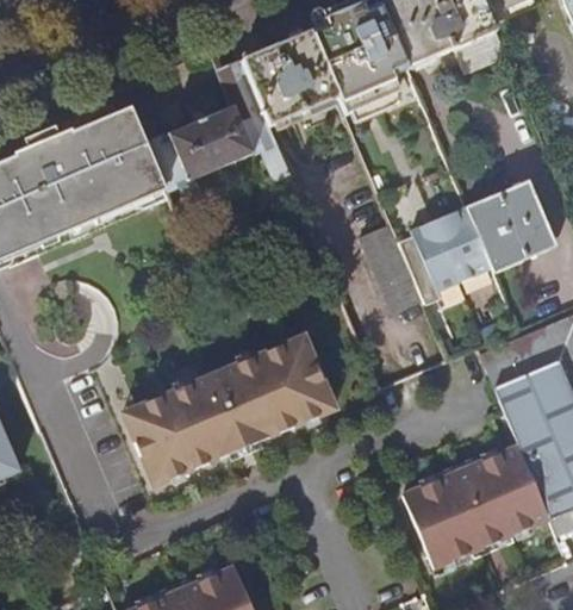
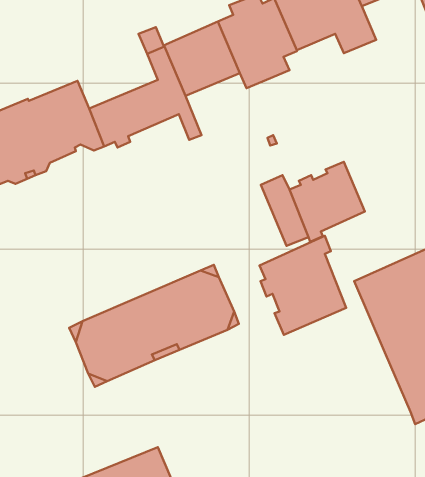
building: [466,180,555,270] -> none
building: none -> [260,236,346,335]
building: [401,444,549,567] -> none

